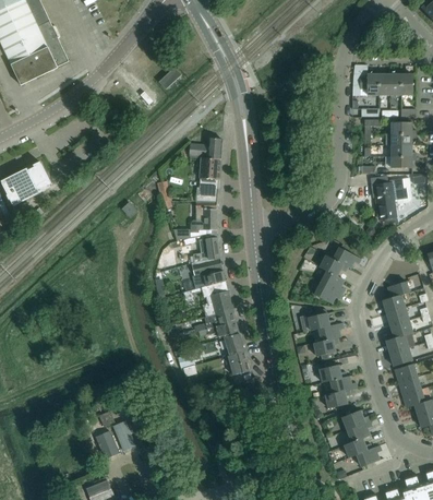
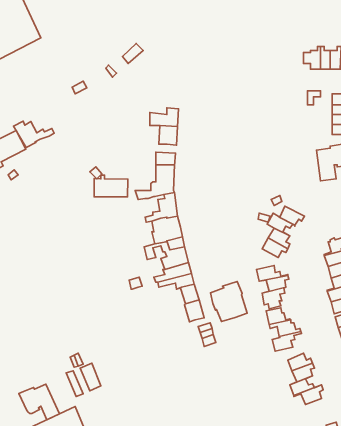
building: none -> [14,121,54,148]
building: none -> [94,175,128,197]
building: none -> [211,281,247,322]
building: none -> [19,384,60,420]

